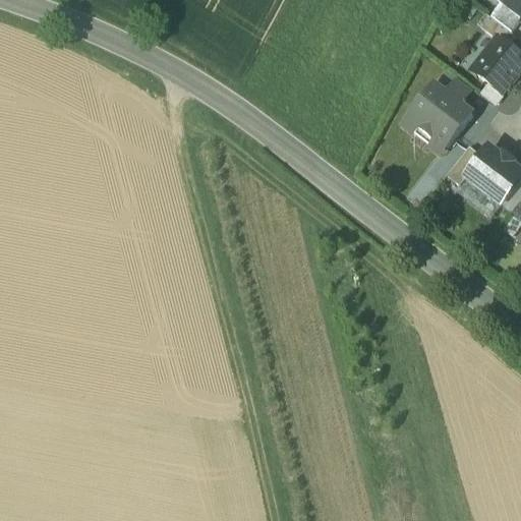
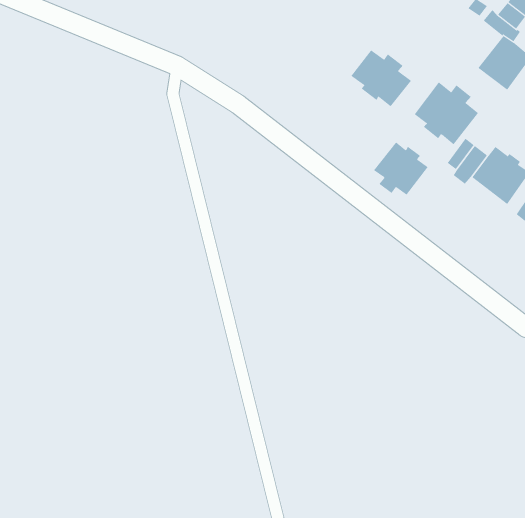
building: none -> [351,50,412,107]
building: none -> [373,141,429,195]

